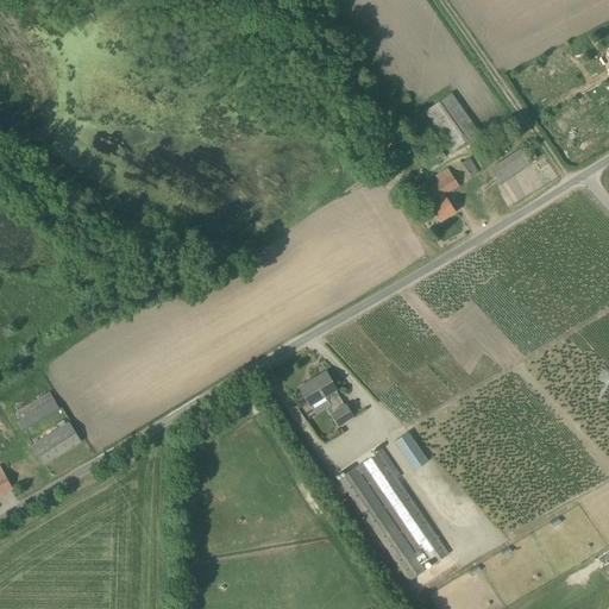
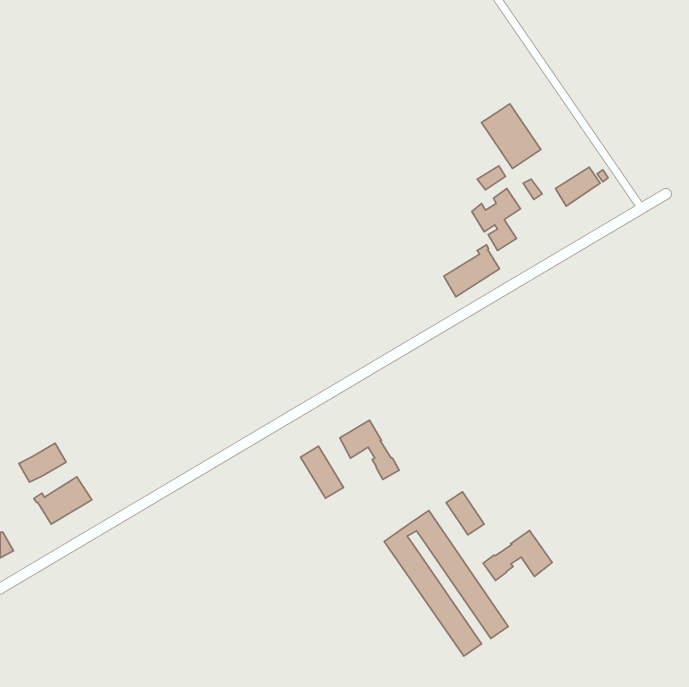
building: none -> [444,245,500,297]
building: none -> [300,446,344,498]
building: none -> [483,530,552,581]

